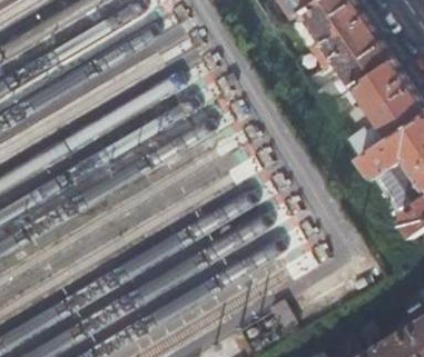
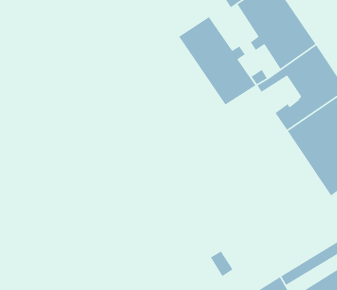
building: none -> [178,16,257,105]

